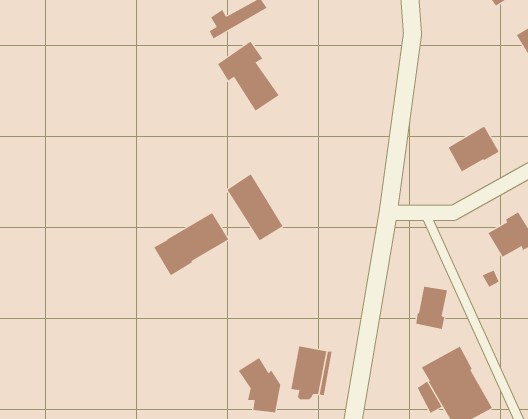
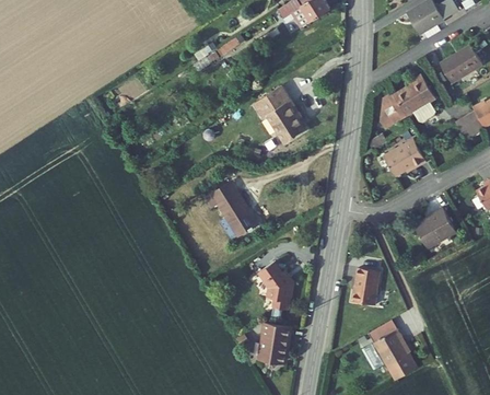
building: [217,41,280,111] -> [255,83,305,140]
building: none -> [378,78,436,133]
building: [154,212,229,276] -> none
building: [238,357,281,413] -> [255,263,290,307]

